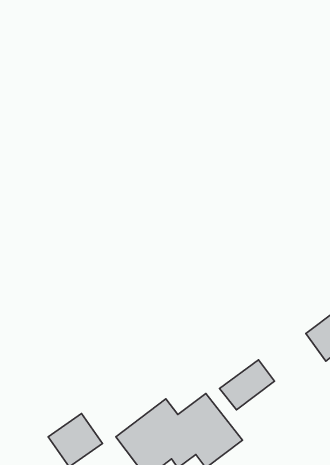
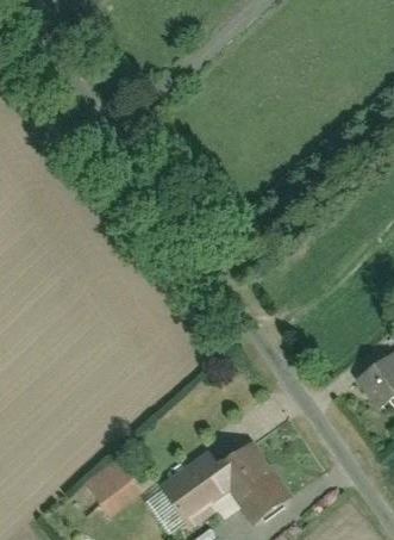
building: [219,360,275,410] -> none

